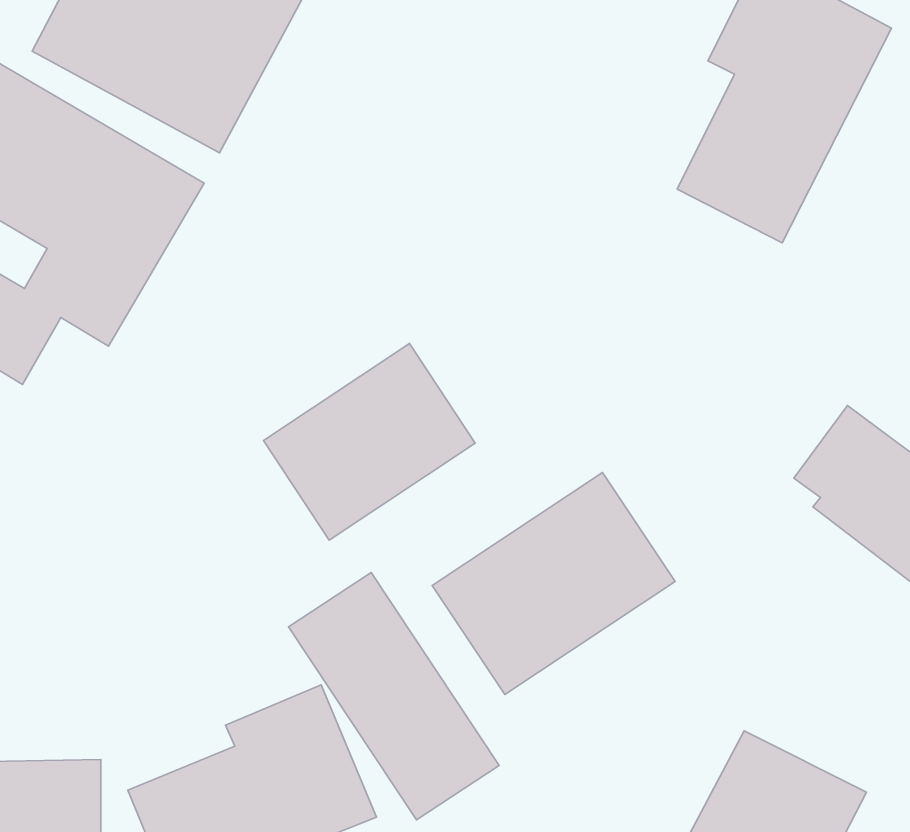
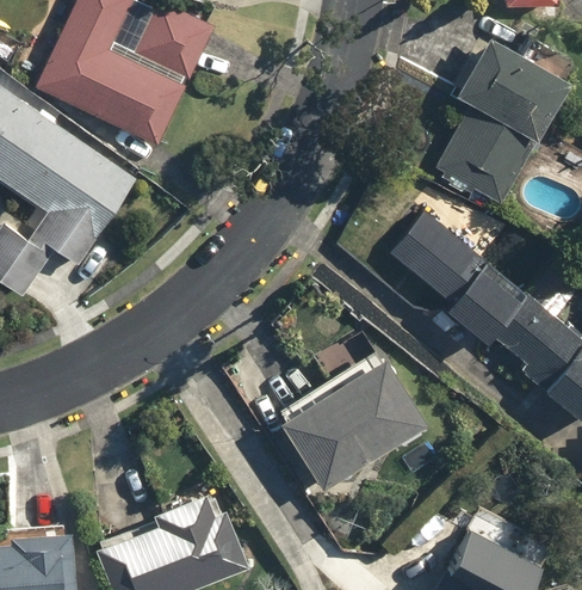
building: none -> [389,213,525,345]
building: [263,344,475,540] -> none
building: [289,572,499,820] -> none

